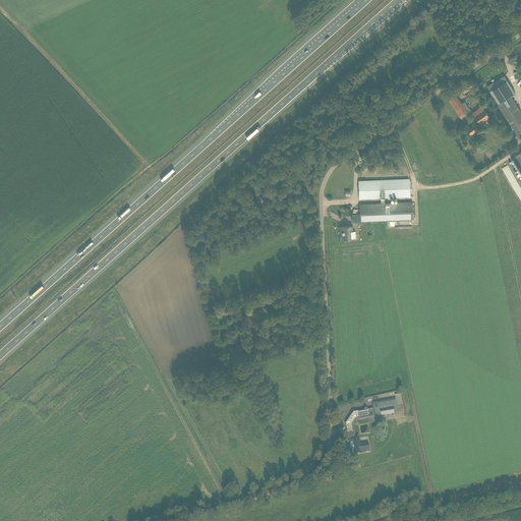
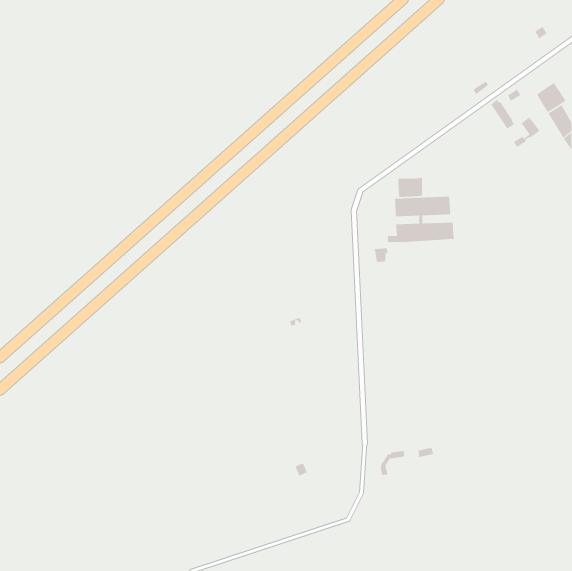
building: none -> [397,177,423,198]

